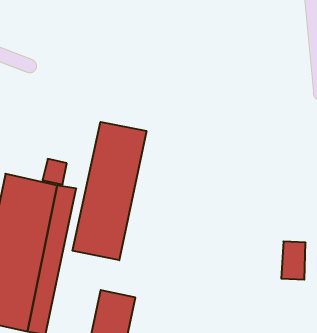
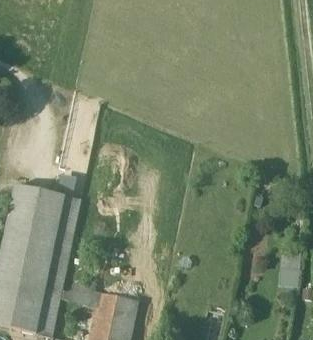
building: [73,122,146,260] -> none

